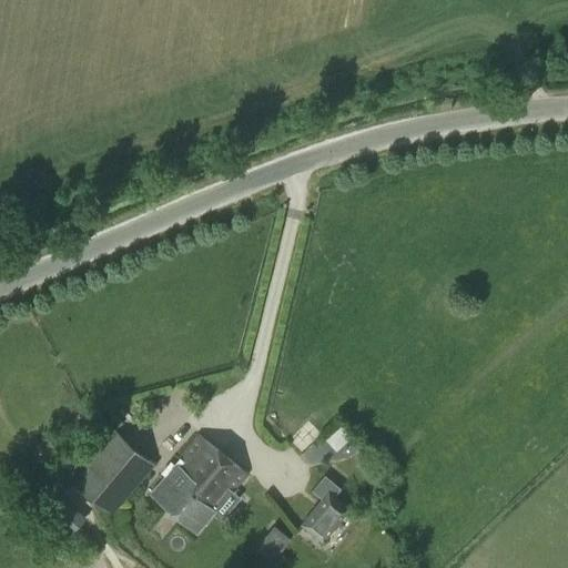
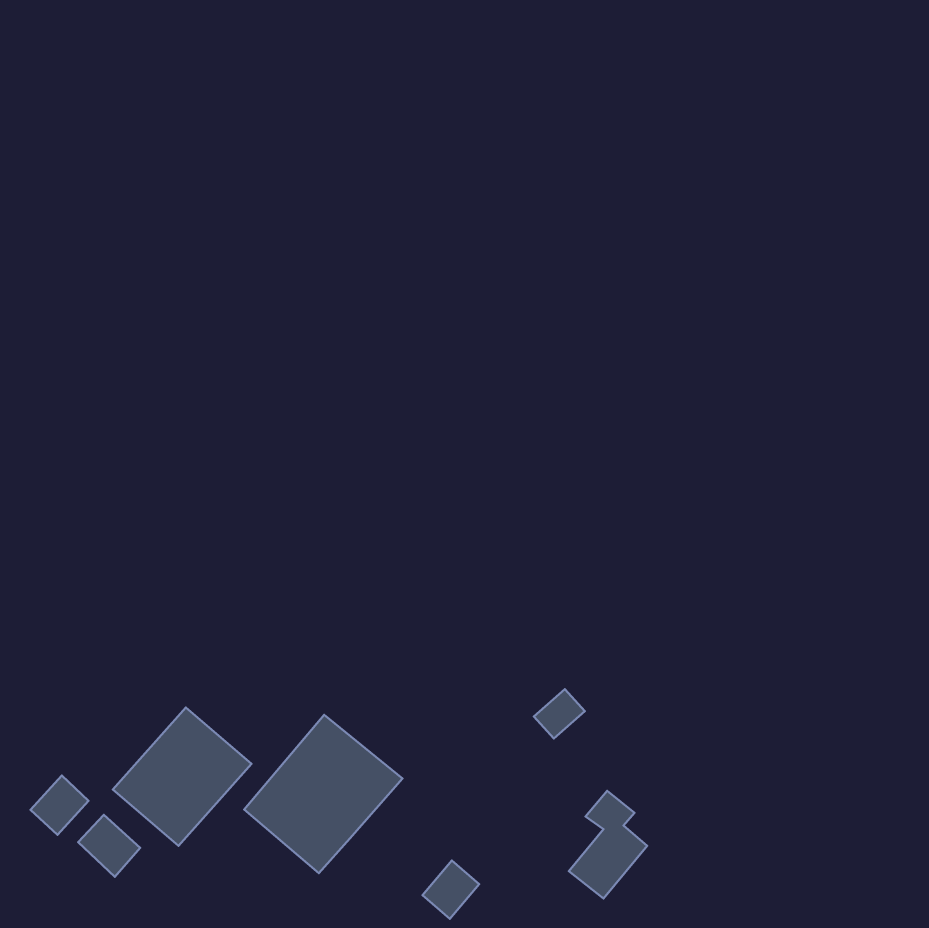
building: none -> [31,776,89,835]
building: [300,477,347,542] -> [569,791,647,899]

